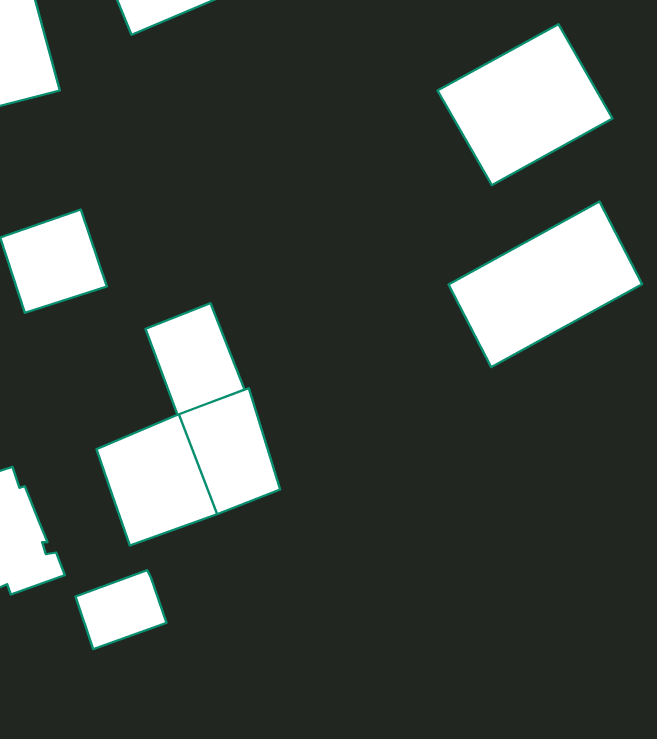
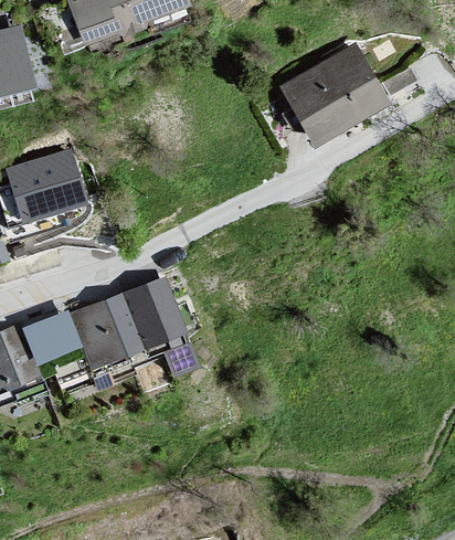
building: [449,202,642,367] -> none
building: [146,303,245,415] -> none
building: [76,570,167,649] -> [19,308,76,358]

